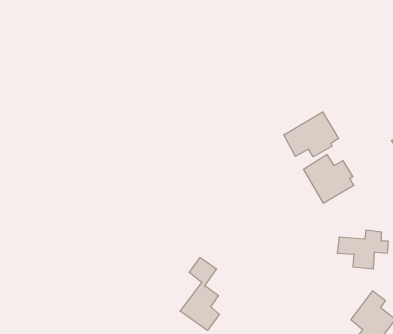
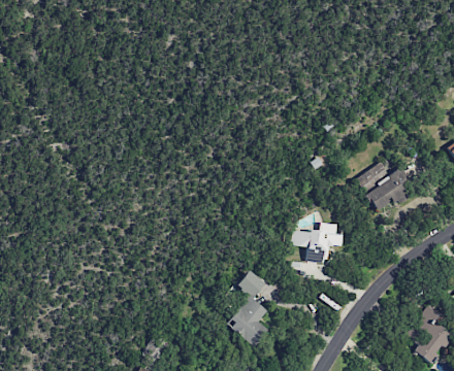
building: [284,112,339,157] -> none
building: [337,230,388,269] -> [290,222,344,262]

